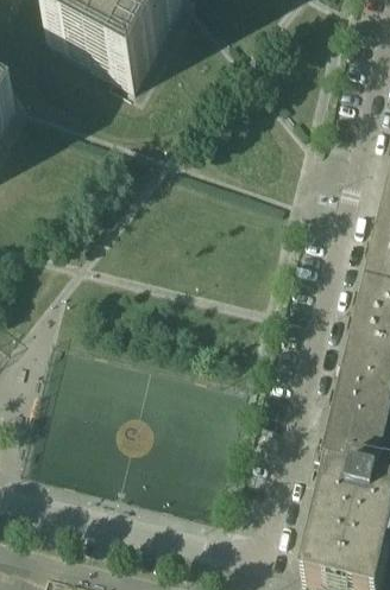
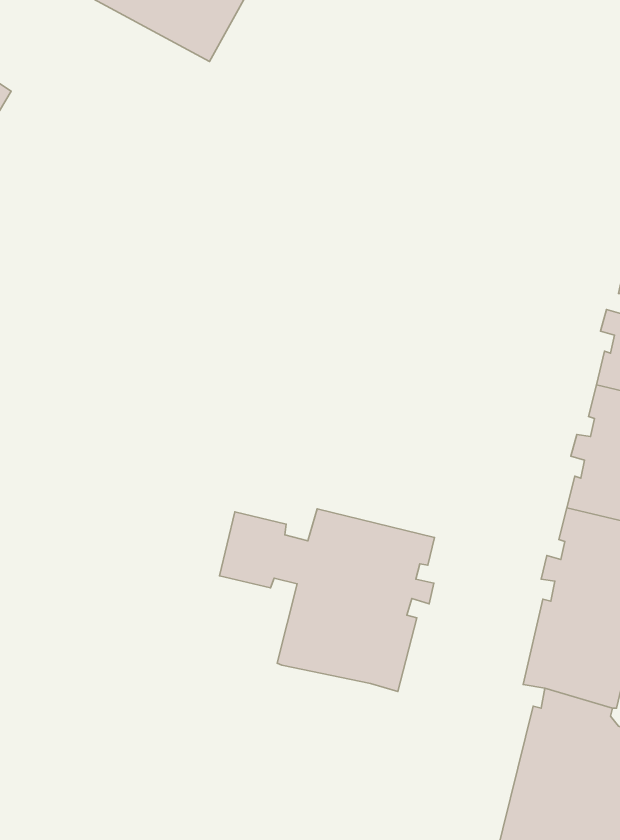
building: none -> [219,509,434,691]

